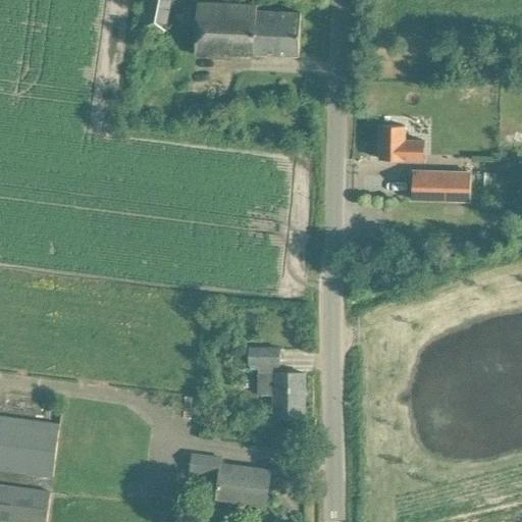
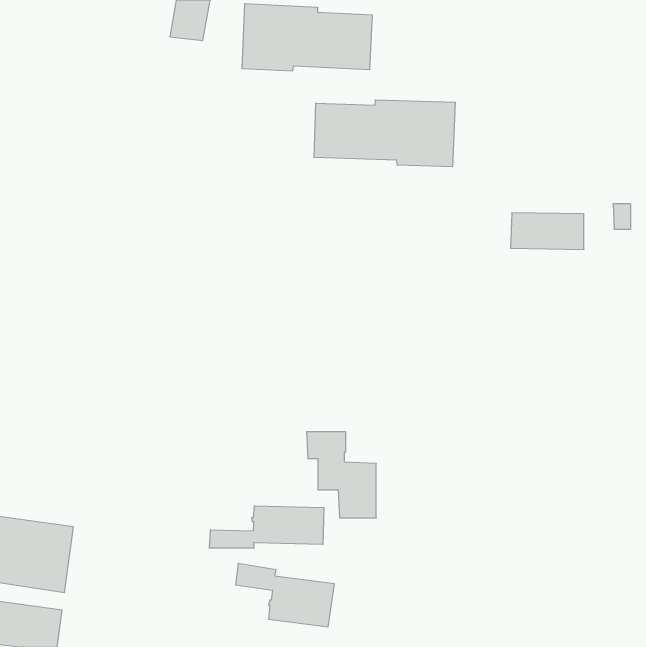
building: none -> [314,100,455,167]
building: [379,124,424,160] -> none
building: none -> [209,506,324,548]

